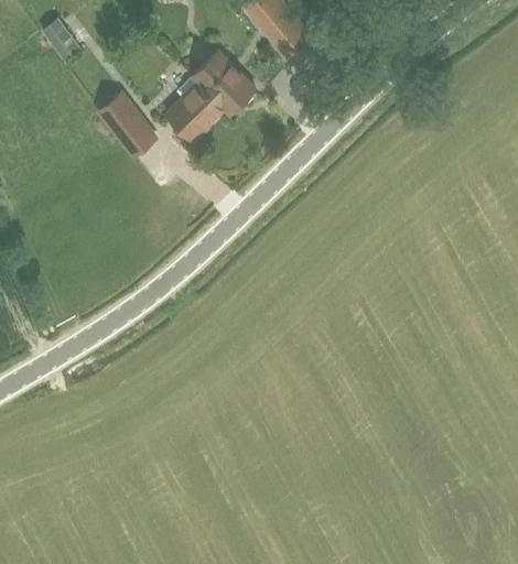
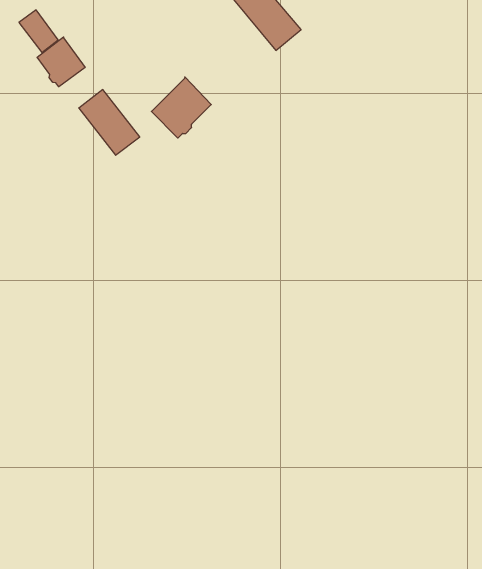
building: none -> [37,37,85,87]
building: [193,52,256,113] -> none

